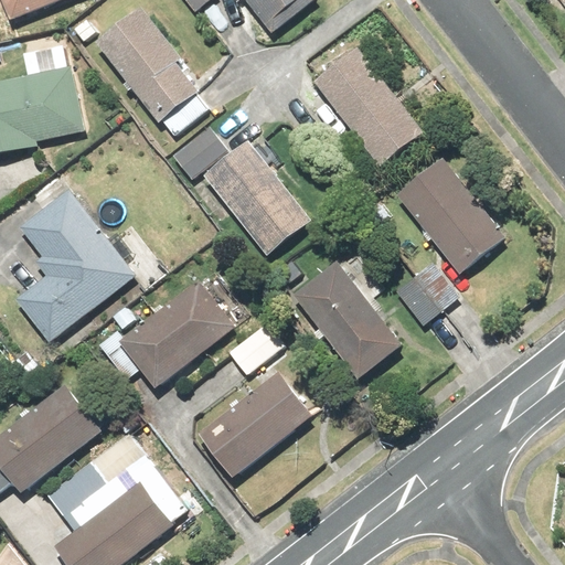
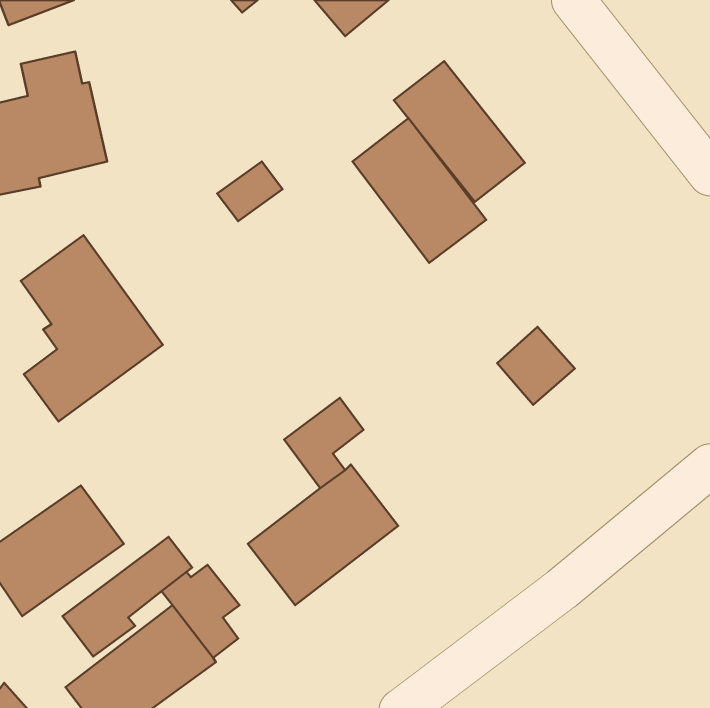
building: [97,14,203,135] -> none
building: [204,141,310,256] -> [353,118,486,263]
building: [396,158,504,274] -> none
building: [295,264,399,377] -> none
building: [93,277,250,388] -> none

